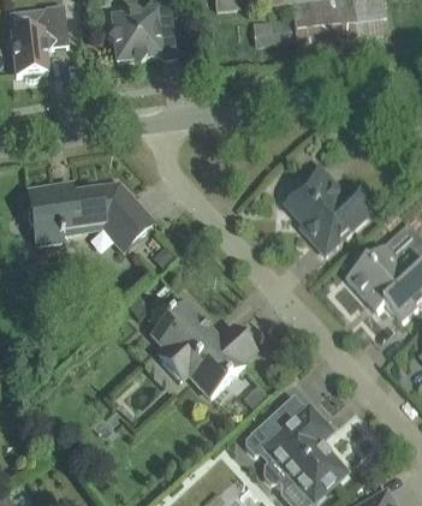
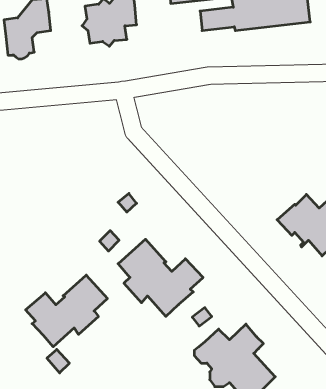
building: [286,165,376,254] -> none
building: [28,183,151,248] -> none
building: none -> [26,275,107,347]

